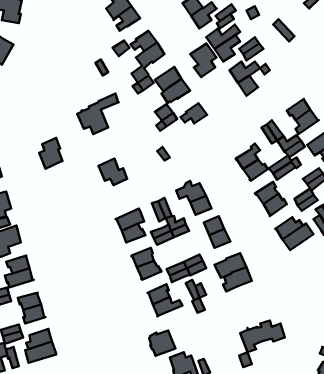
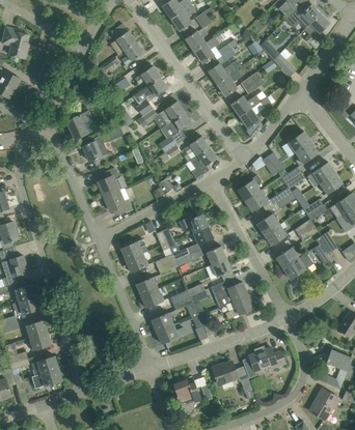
building: [190,43,216,77] -> none
building: none -> [66,108,97,139]
building: none -> [190,147,217,178]
building: [39,138,62,169] -> [98,167,120,197]
building: [149,330,176,356] -> [213,362,239,386]

